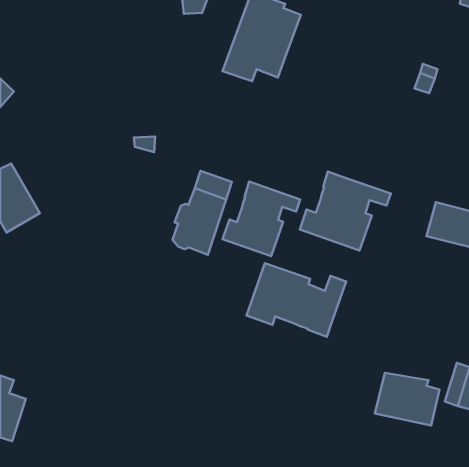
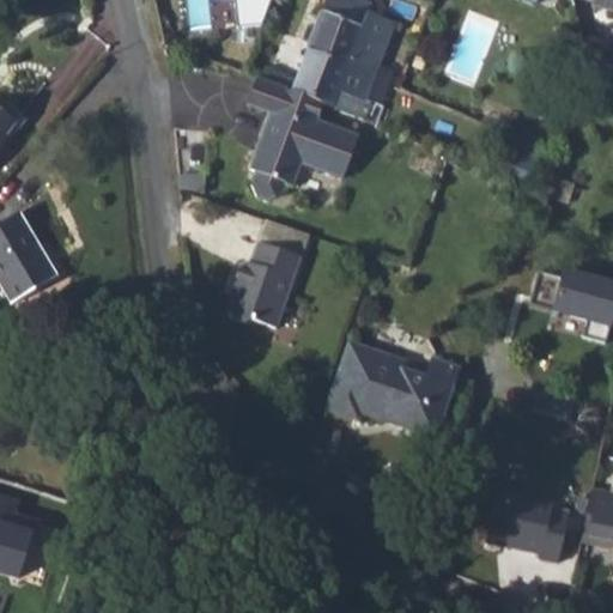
building: none -> [245,81,360,207]
building: [300,172,391,250] -> none
building: [223,182,300,256] -> none

